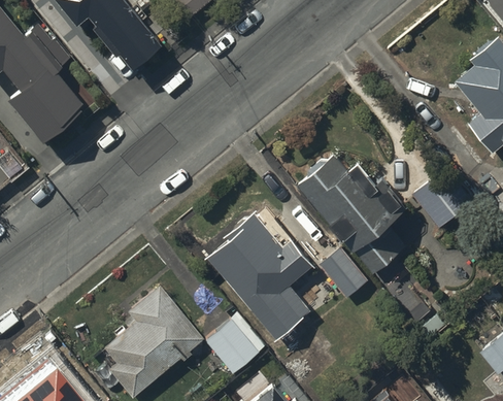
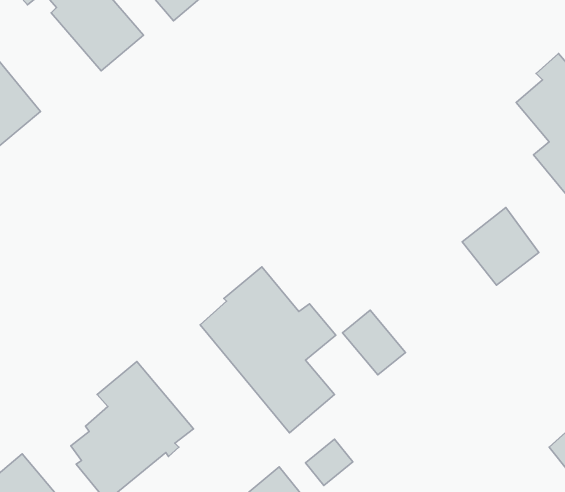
building: [299,159,408,278] -> none
building: [204,321,258,375] -> none

